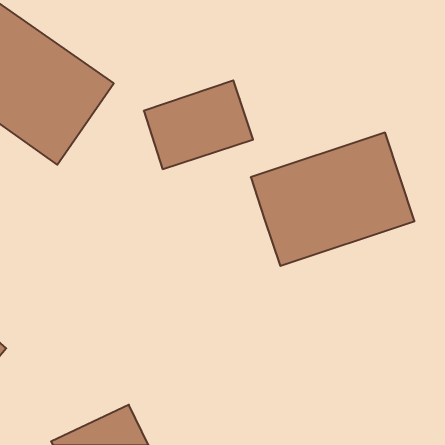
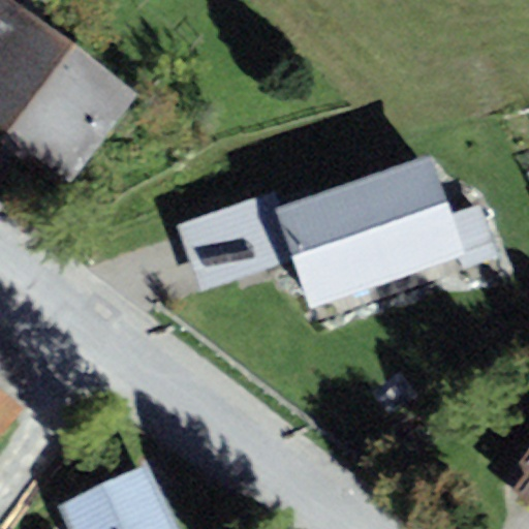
building: [144,80,253,169] -> [179,184,305,286]

